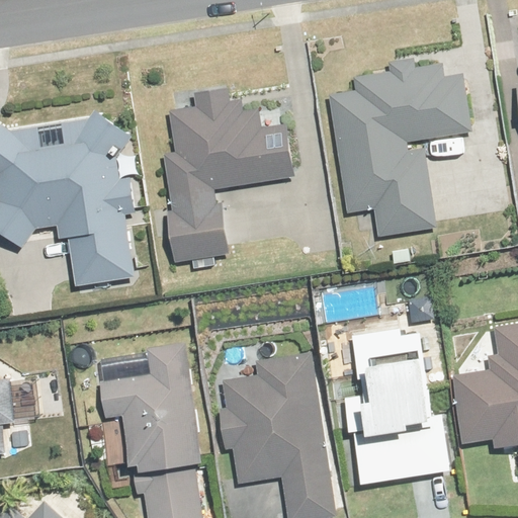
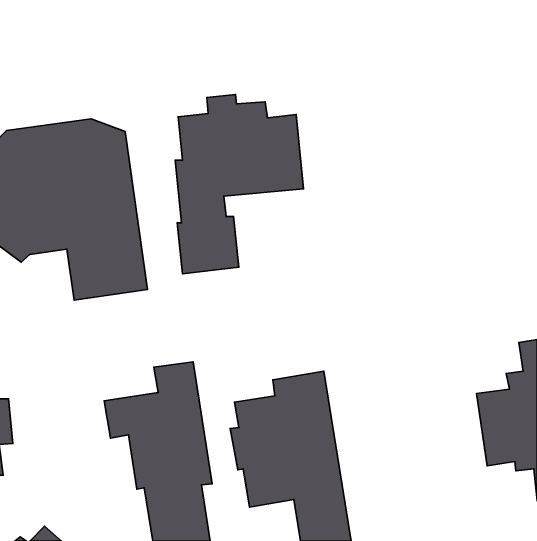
building: [330,55,469,236] -> none
building: [344,328,449,485] -> none

